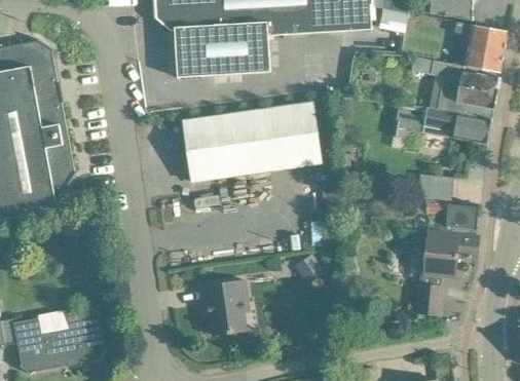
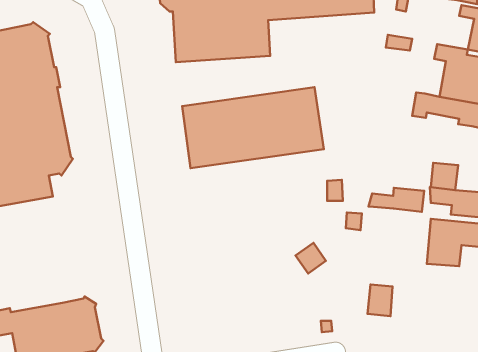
building: none -> [368,188,424,212]
building: [198,278,245,335] -> none
building: [415,283,440,314] -> [367,284,393,316]

